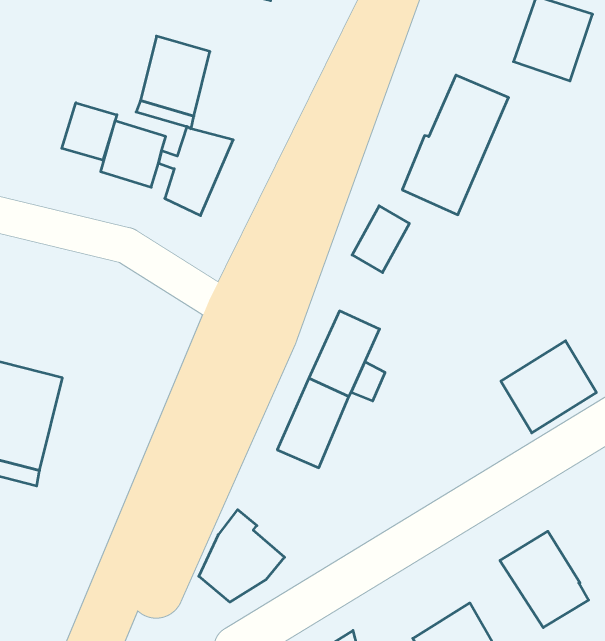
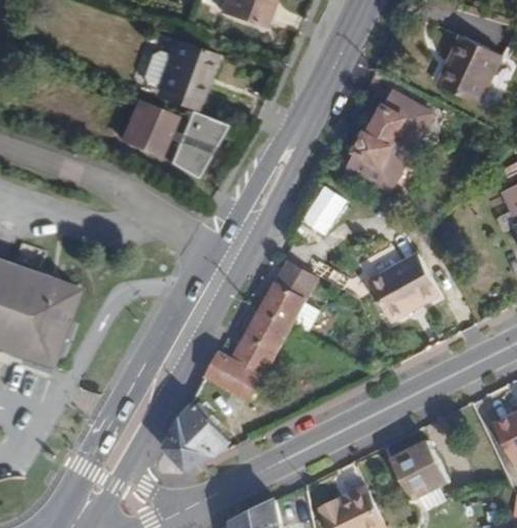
building: [62,103,117,160] -> none
building: [501,341,596,433] -> [368,251,440,318]
building: none -> [207,351,263,397]

